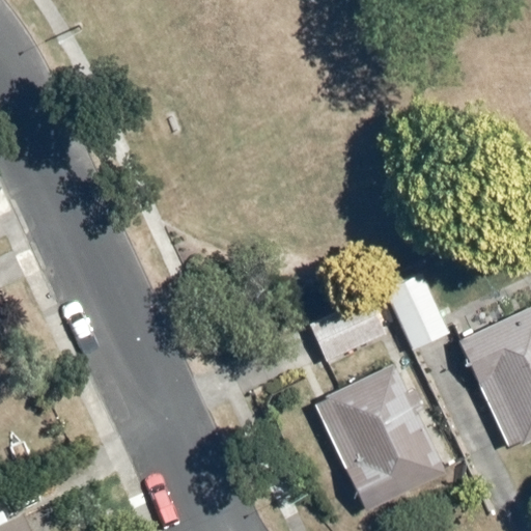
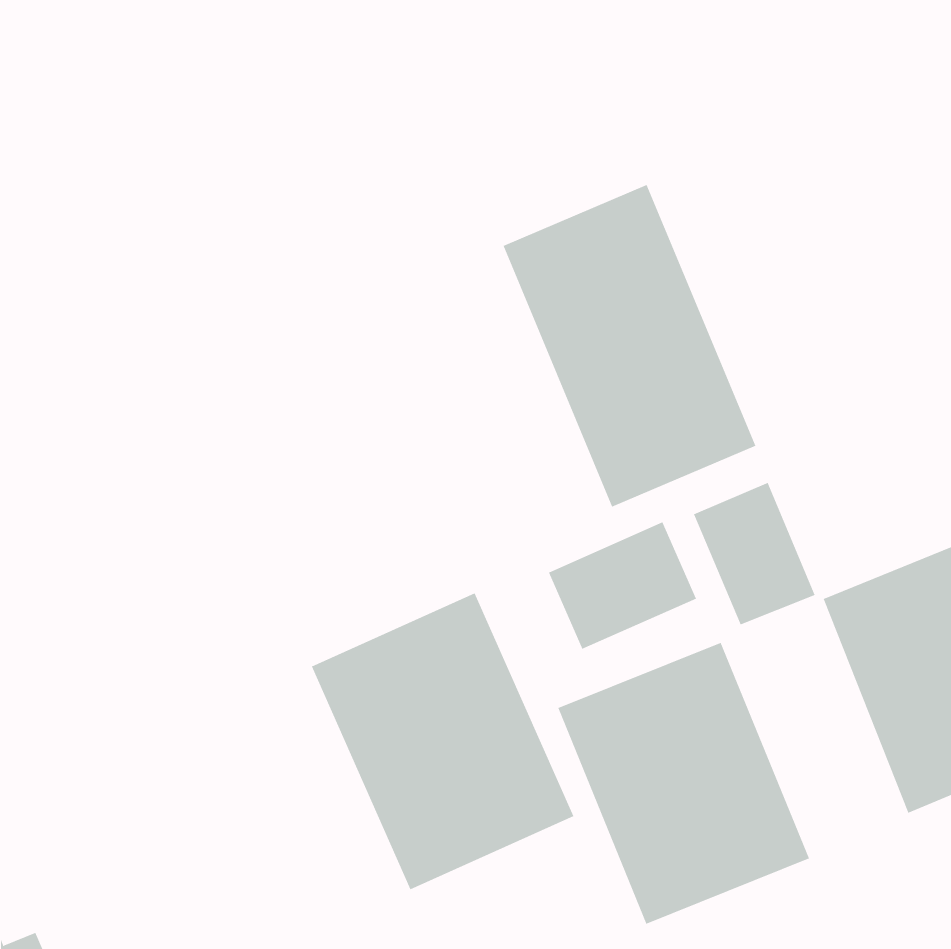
building: none -> [503,184,756,507]
building: none -> [311,593,574,890]

